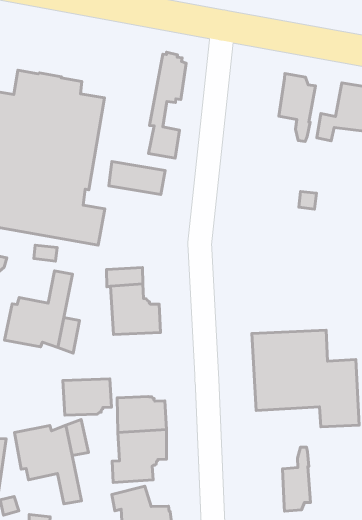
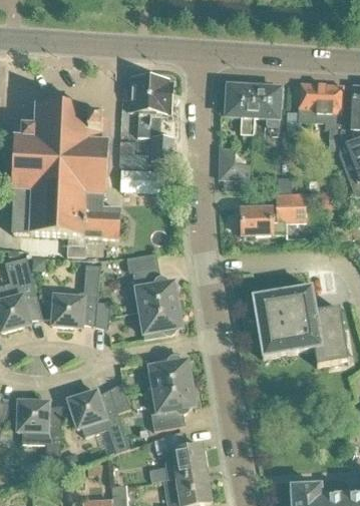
building: none -> [129,74,152,136]
building: none -> [227,80,254,137]
building: none -> [119,140,147,166]
building: none -> [220,148,248,189]
building: none -> [241,192,306,234]
building: [63,379,112,415] -> [139,304,182,338]
building: [283,447,311,511] -> none

